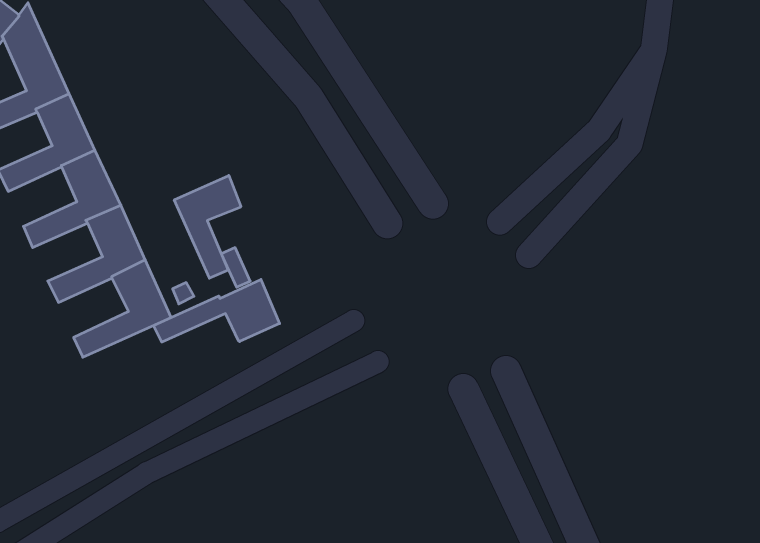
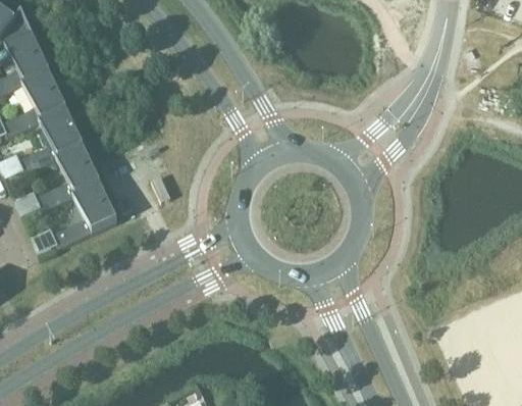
building: [174,175,241,278] -> none
building: [154,279,280,342] -> none

